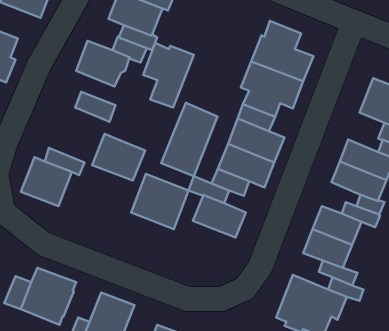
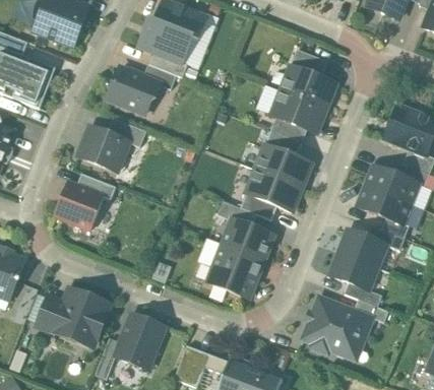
building: [143,43,194,108] -> none
building: [161,103,218,176] -> none
building: [92,134,145,181] -> [77,126,129,172]
building: [131,174,189,229] -> [207,244,263,298]

